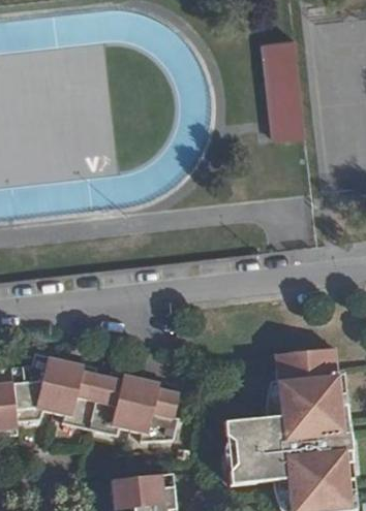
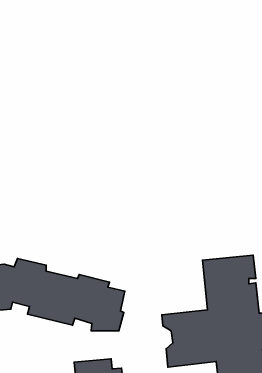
building: [258,50,303,148] -> none

